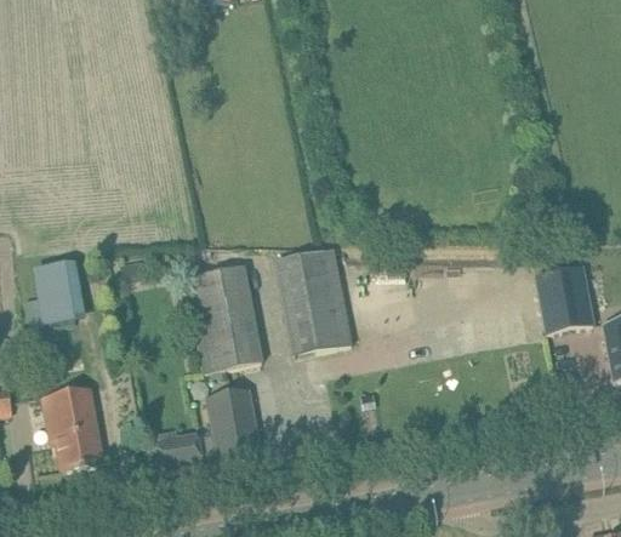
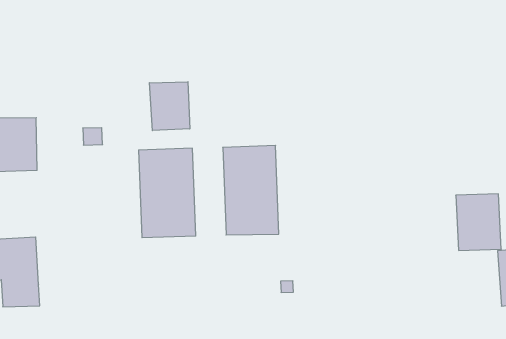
building: none -> [149,82,190,131]
building: [156,394,263,469] -> none

